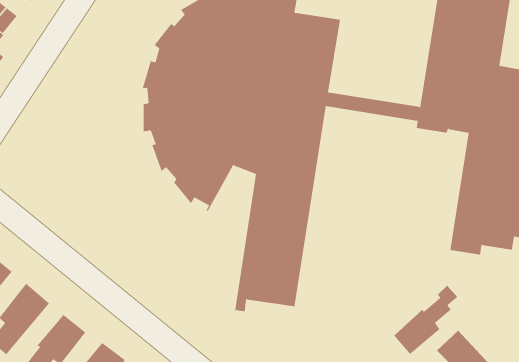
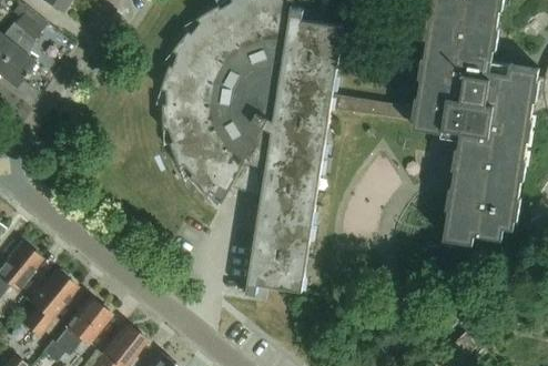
building: [394,285,458,355] -> none

